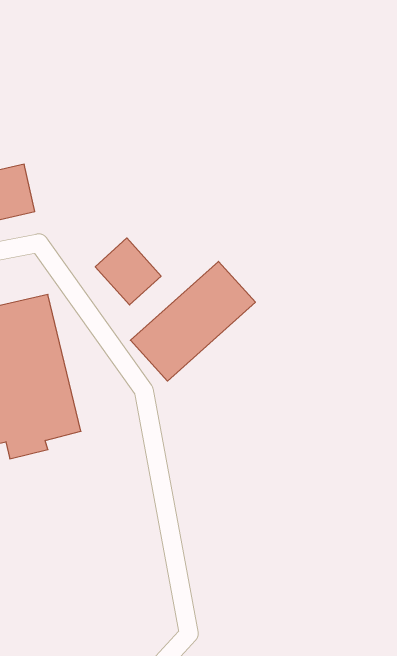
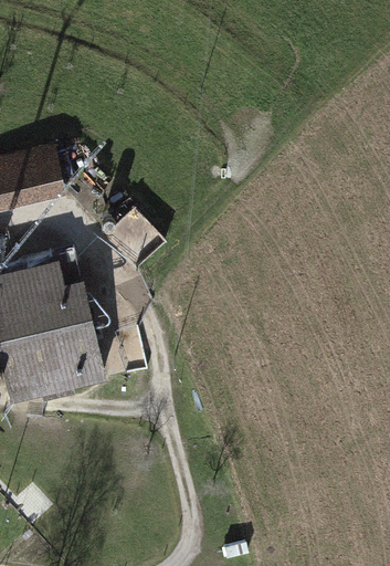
building: [130,261,255,381] -> none

